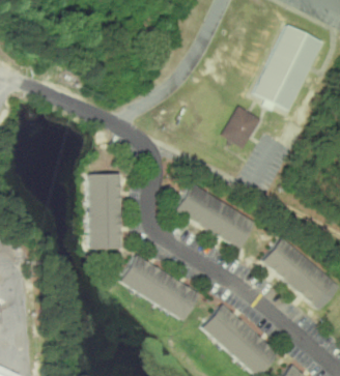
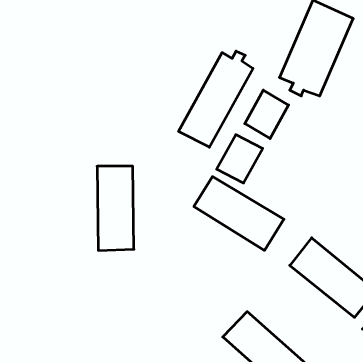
building: none -> [179,51,253,147]
building: none -> [217,135,263,183]
building: [119,255,200,319] -> none

